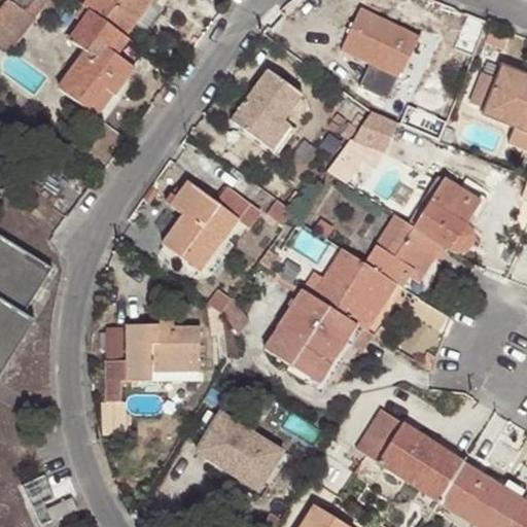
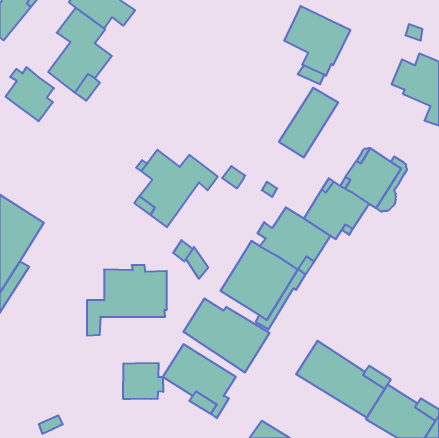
building: [230,69,301,148] -> none
building: none -> [6,67,54,121]
building: none -> [183,298,269,373]
building: none -> [123,363,163,399]

